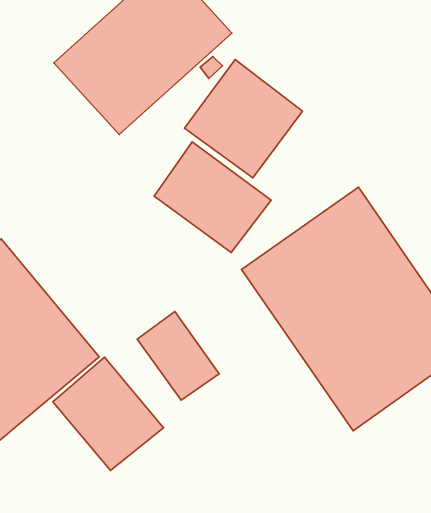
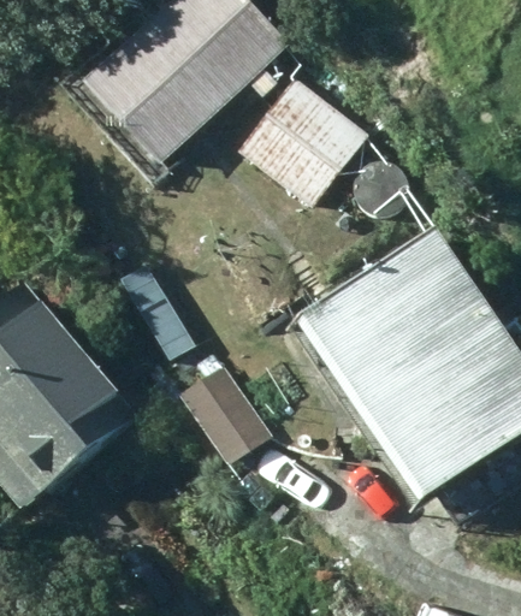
building: [154,142,271,253] -> none
building: [53,357,163,471] -> none

